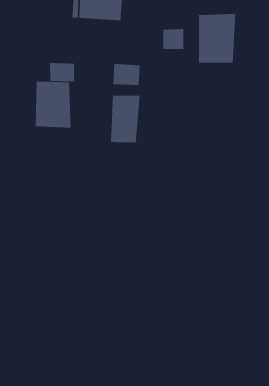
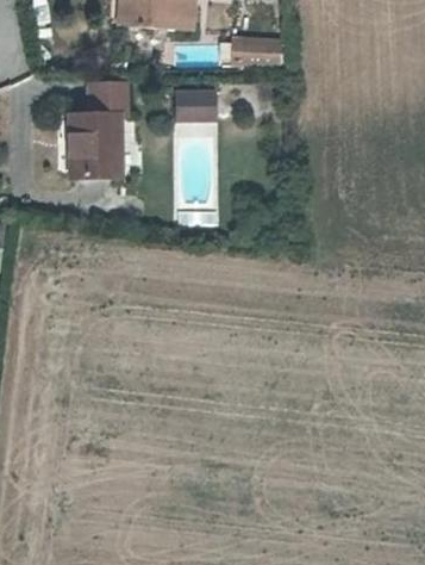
building: [198,13,236,64] -> none
building: [111,95,140,143] -> none

